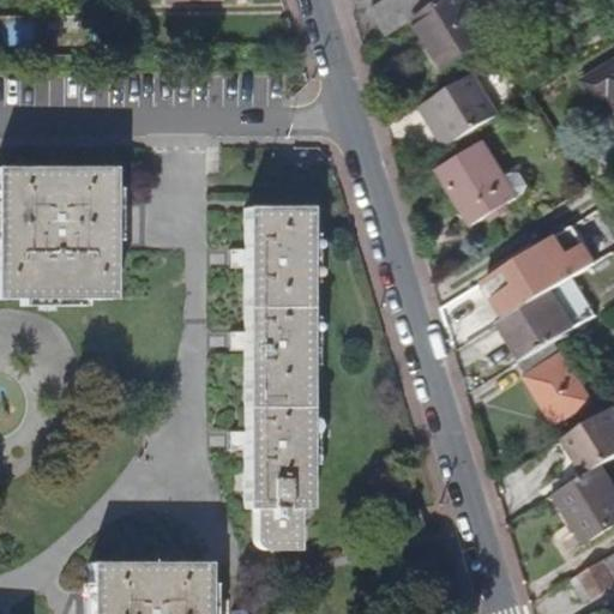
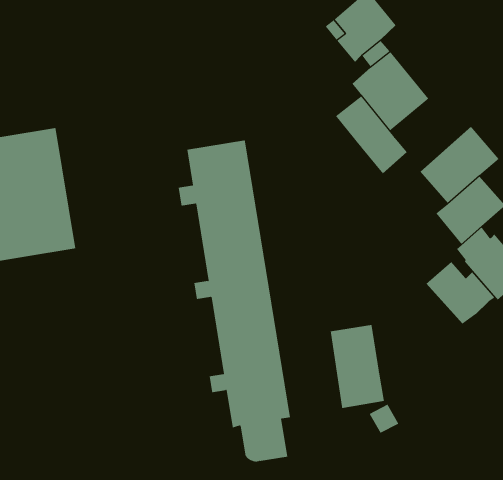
building: none -> [335,96,407,174]
building: none -> [425,261,495,324]
building: none -> [330,324,385,409]

